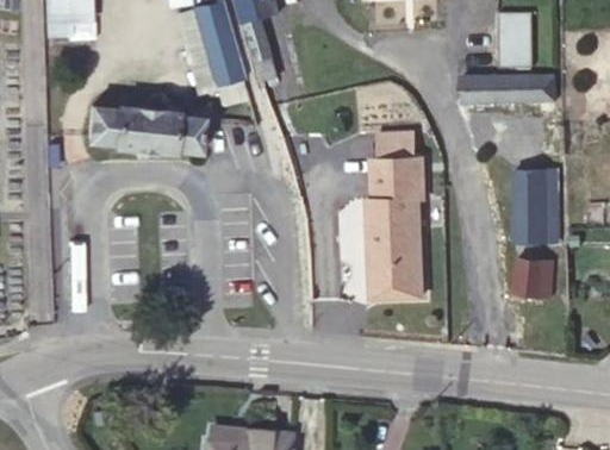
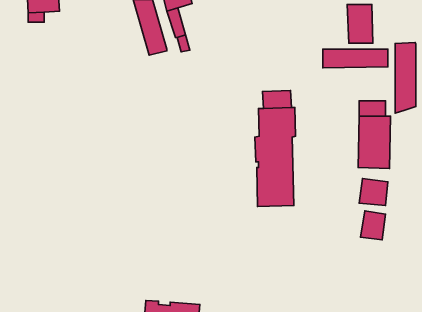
building: none -> [395,42,416,113]
building: [87,105,201,157] -> none
building: none -> [360,211,386,240]

